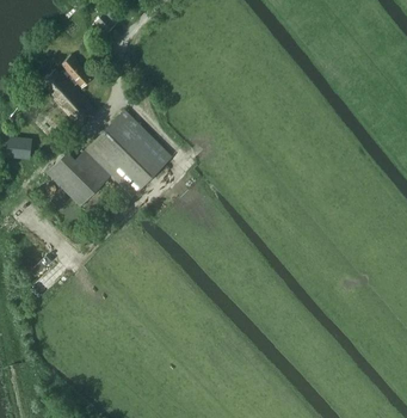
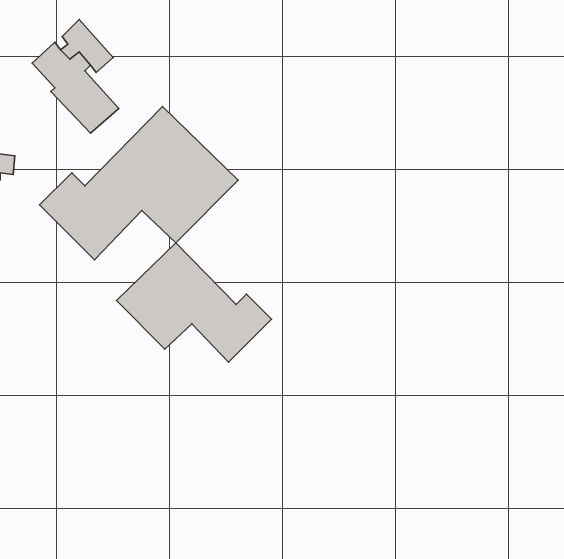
building: none -> [116,243,272,362]

